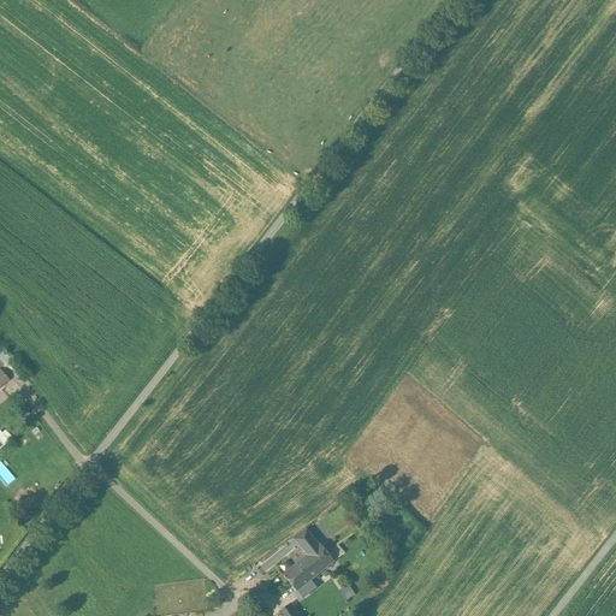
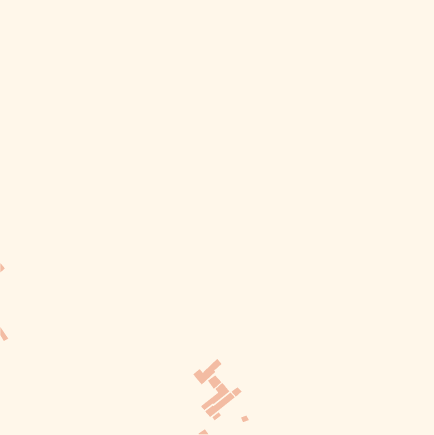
building: none -> [192,358,223,386]

